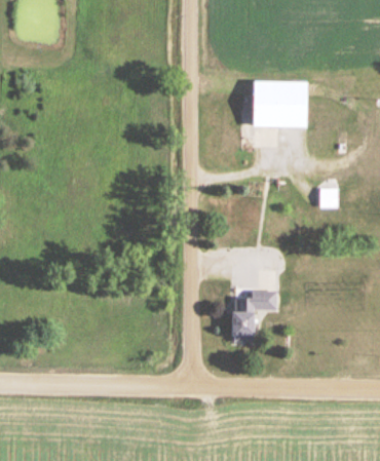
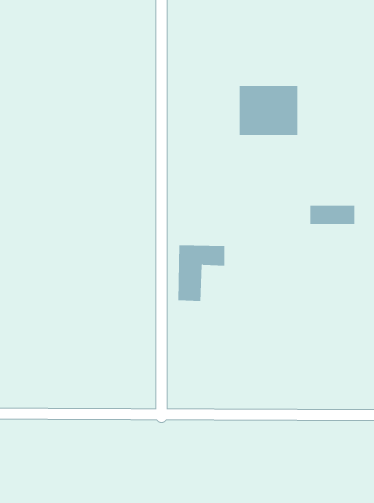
building: [232,290,275,341] -> [177,245,225,302]

